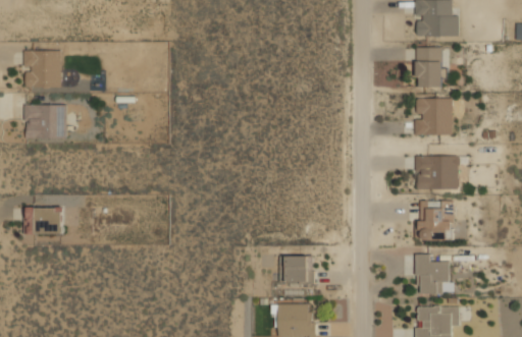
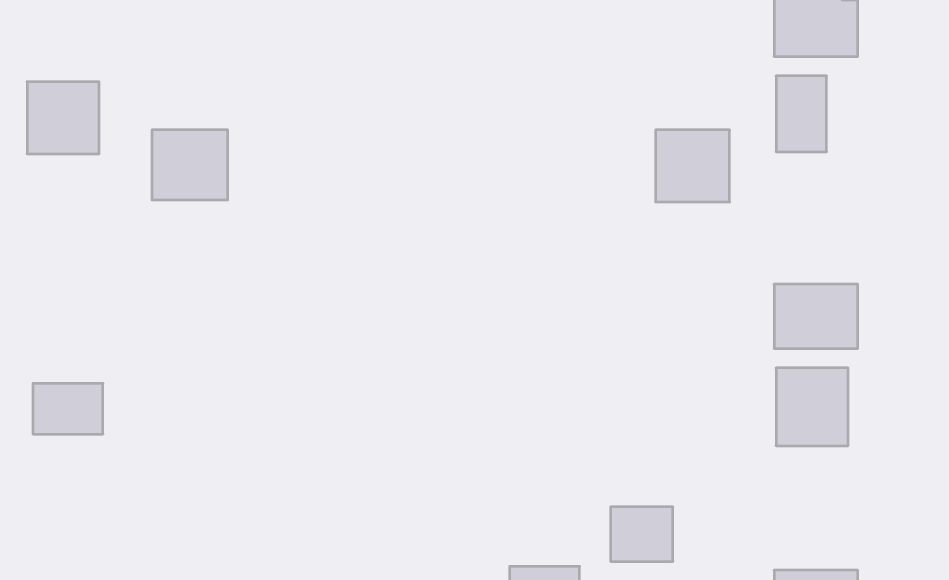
building: [414,97,453,134] -> [656,130,730,202]
building: [24,104,64,141] -> [152,130,228,200]
building: [415,252,449,294] -> none
building: [281,255,314,283] -> [611,507,673,561]

